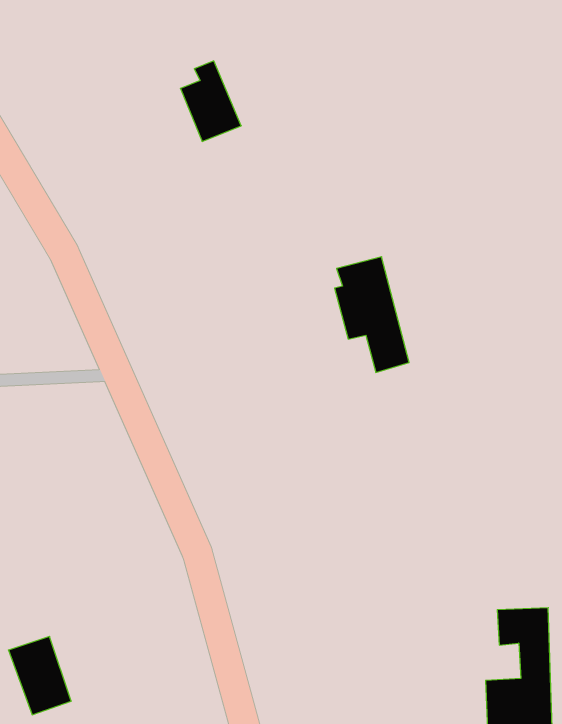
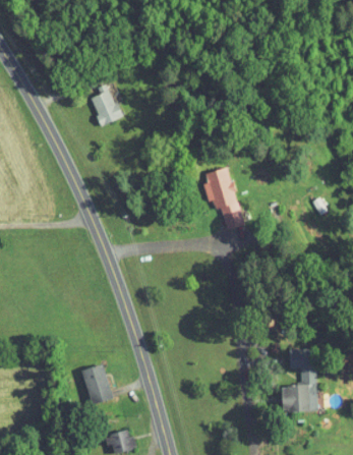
building: [180,61,241,141] -> [91,83,122,125]
building: [8,636,71,715] -> [80,364,113,405]

